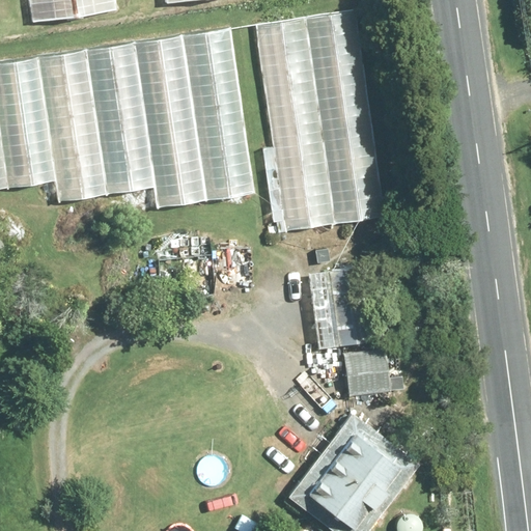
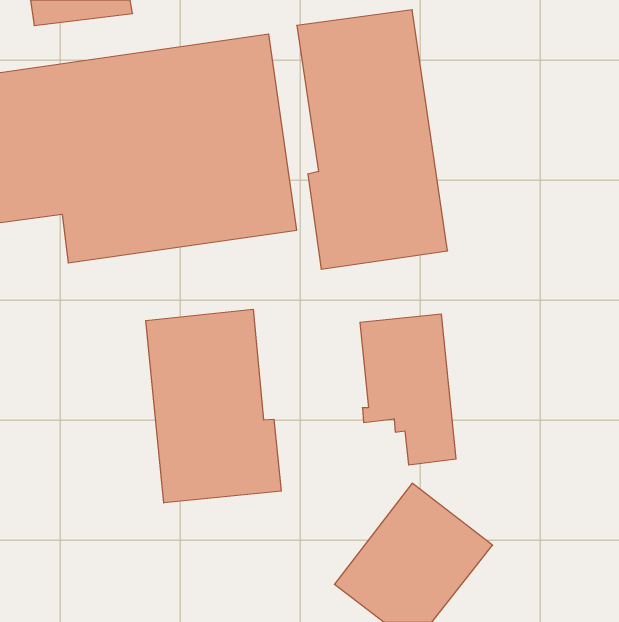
building: none -> [146,309,281,503]

